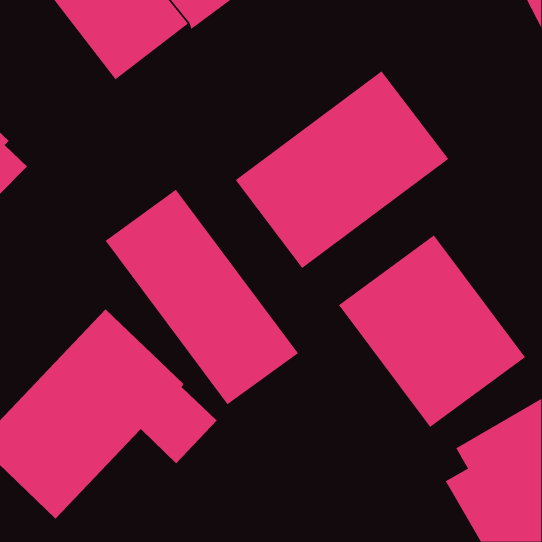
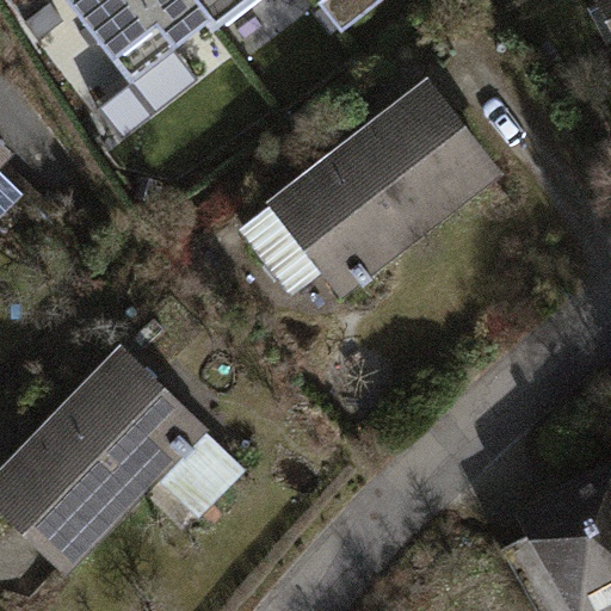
building: [105,189,299,405] -> none
building: [338,234,526,428] -> none

